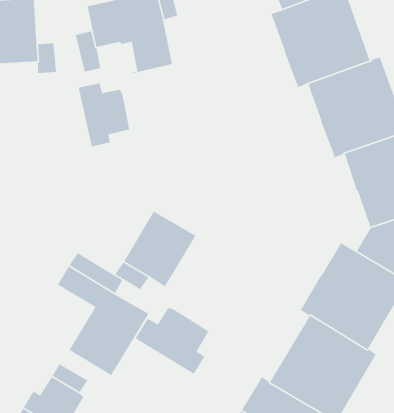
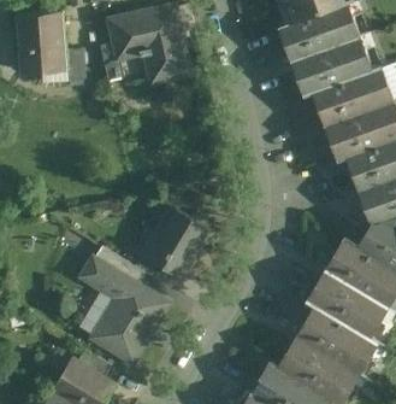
building: [78,83,130,147] -> none
building: [134,307,209,375] -> none

